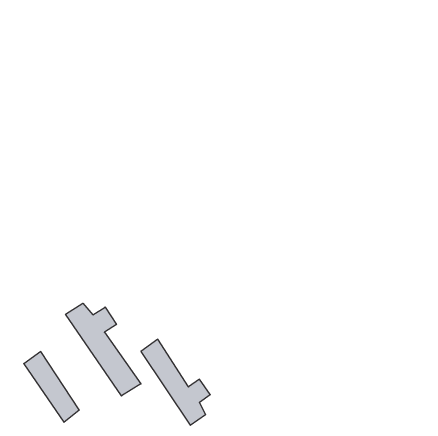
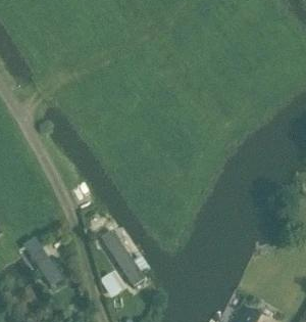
building: [66,303,141,396] -> none

